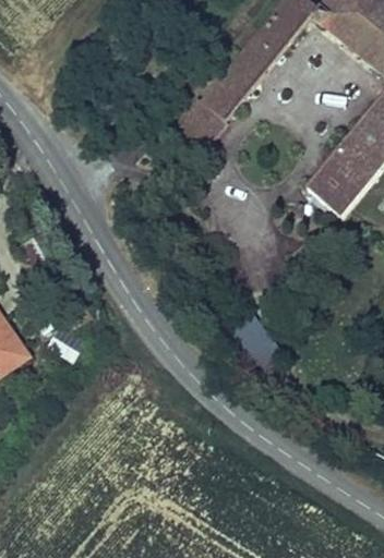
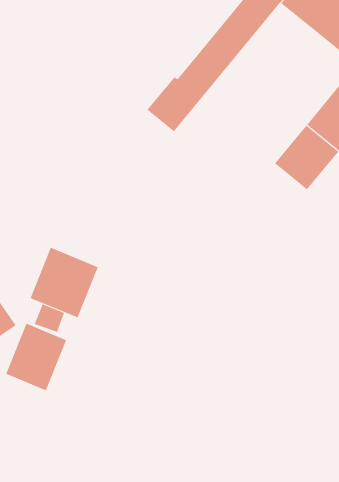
building: none -> [30,247,98,318]
building: none -> [6,323,67,391]

